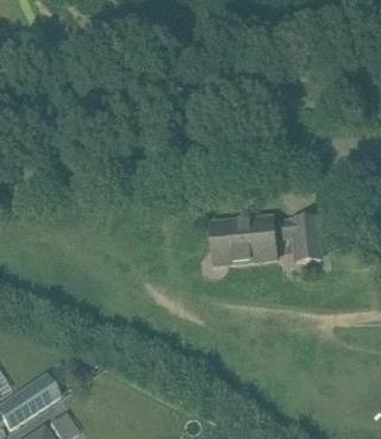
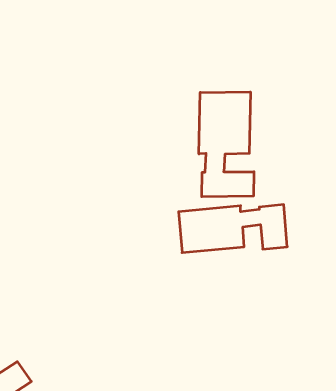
building: none -> [199,92,254,197]

